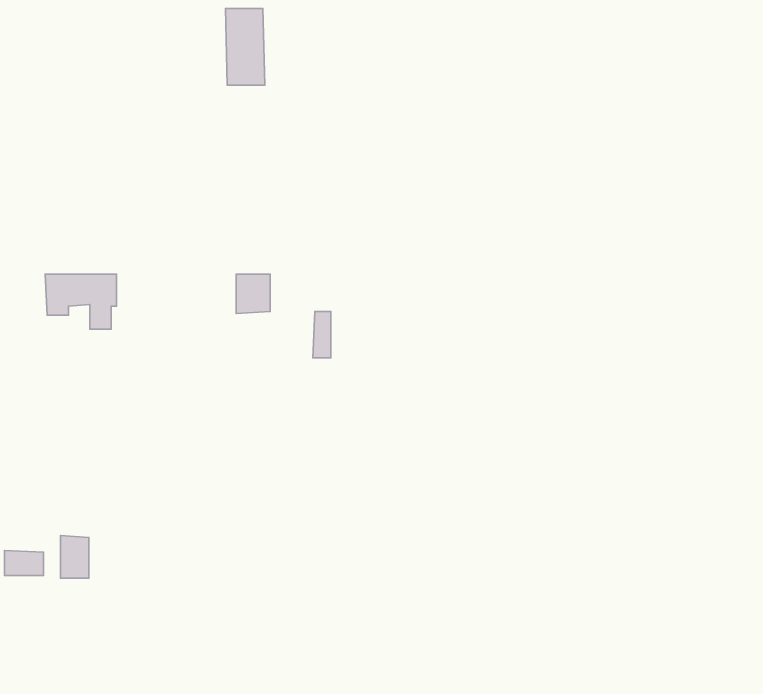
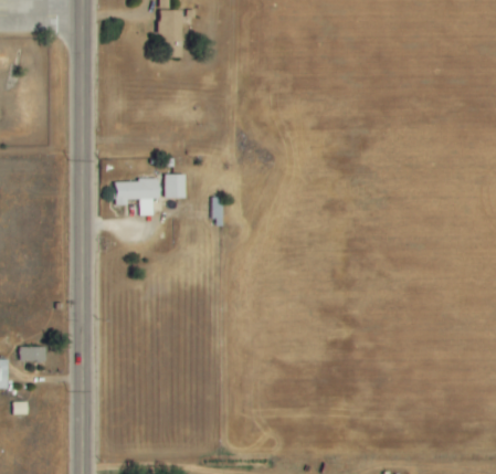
building: [45,274,117,329] -> [114,180,158,214]
building: [60,535,89,578] -> none

